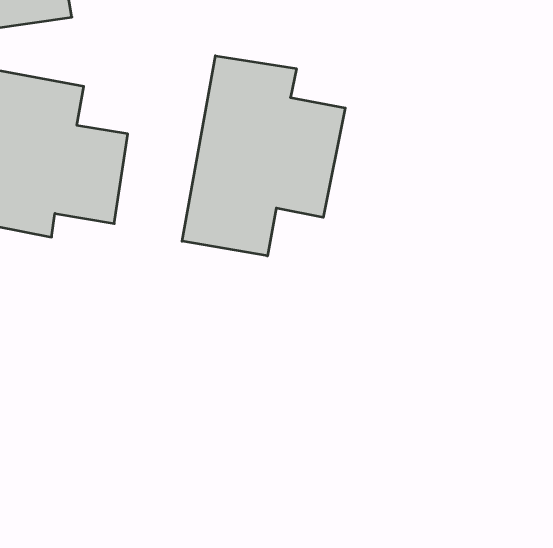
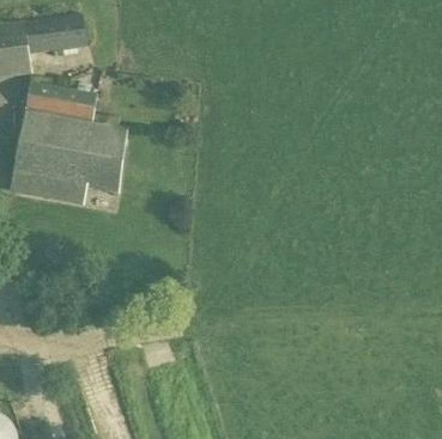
building: [182,56,345,256] -> none

